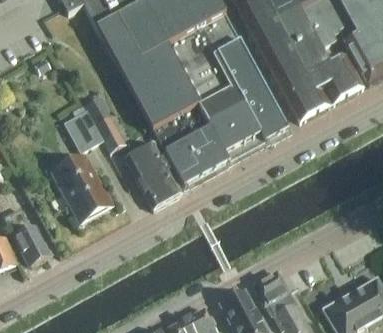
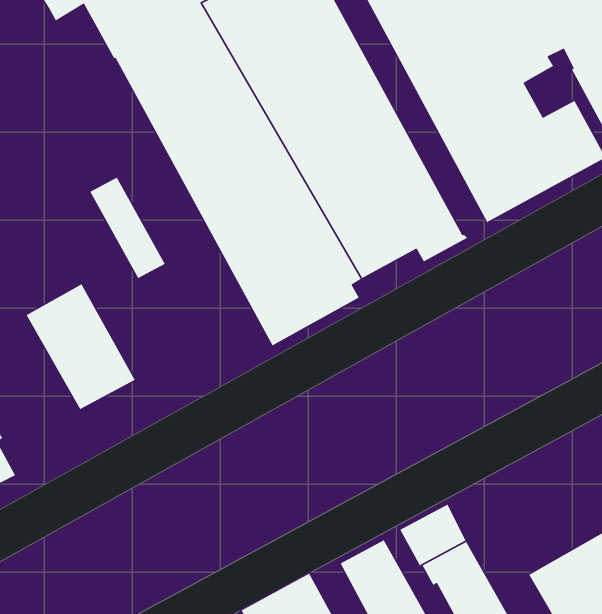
building: [66,110,103,150] -> none
building: [124,141,181,209] -> none

